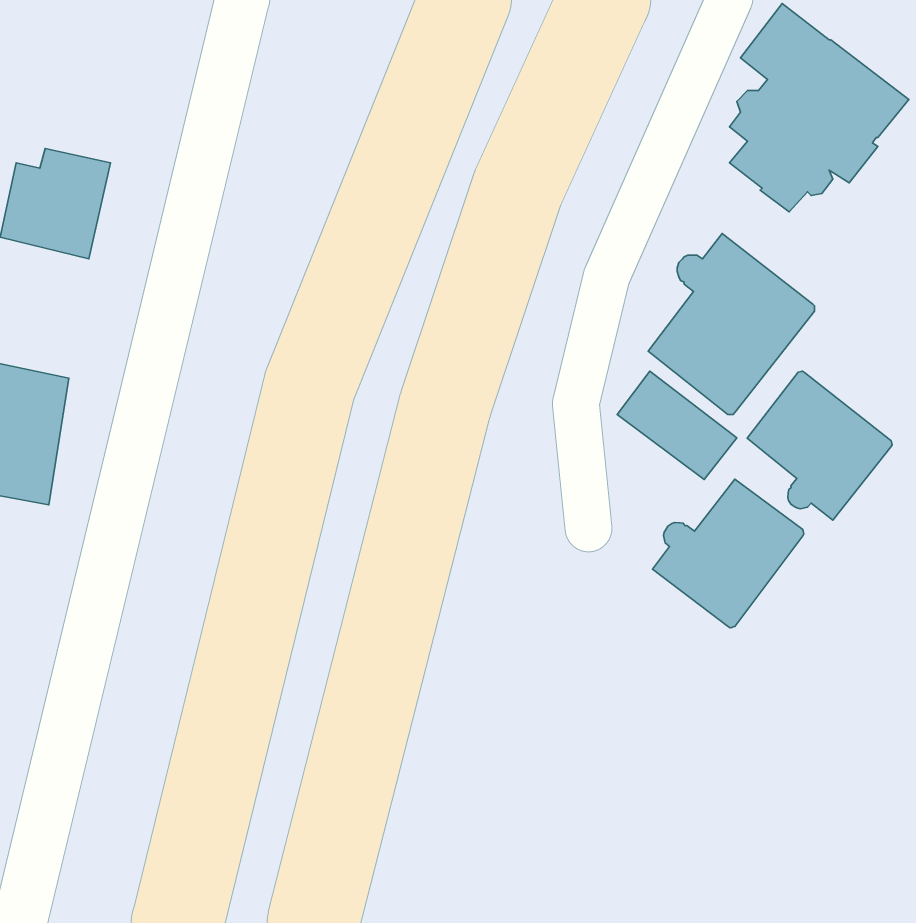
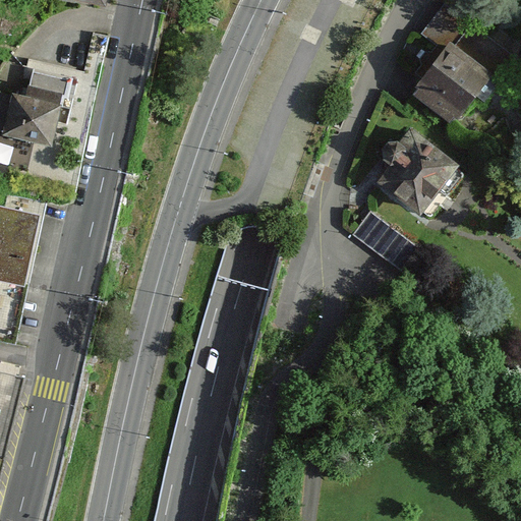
building: [747,371,892,520] -> none
building: [652,479,804,628] -> none

